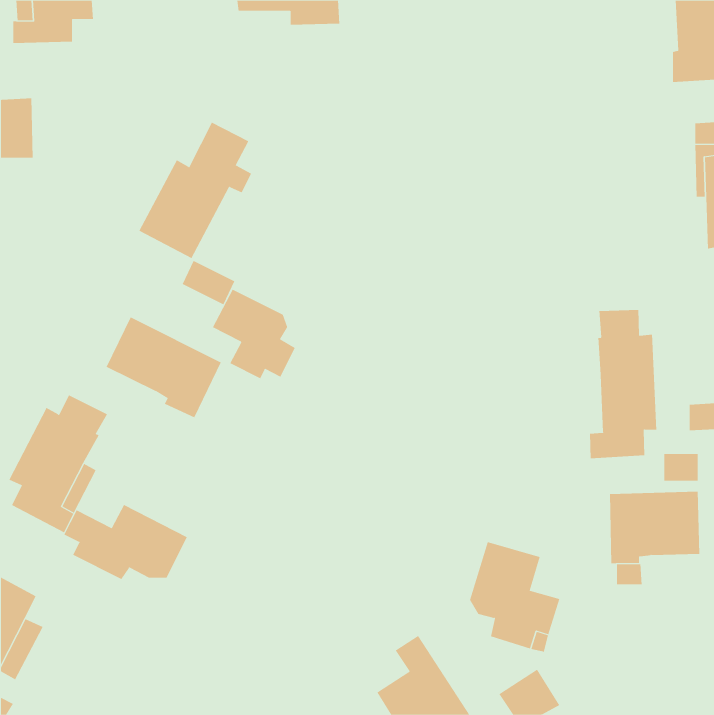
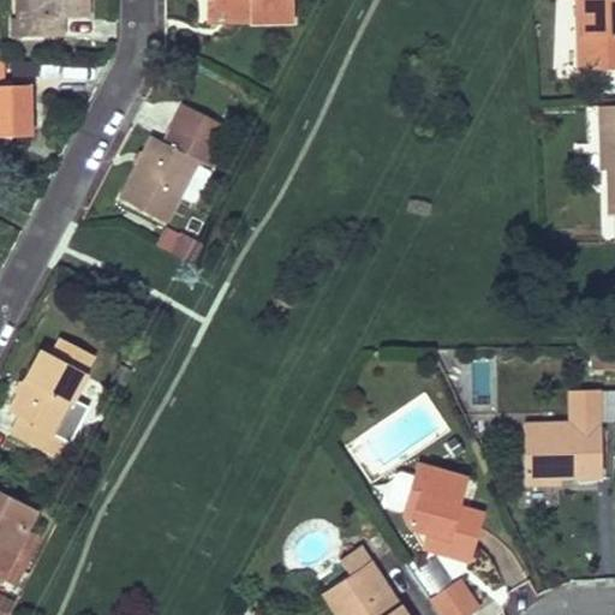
building: [212,289,296,379] -> none
building: [589,309,657,459] -> none
building: [106,317,222,418] -> none
building: [63,504,188,580] -> none

